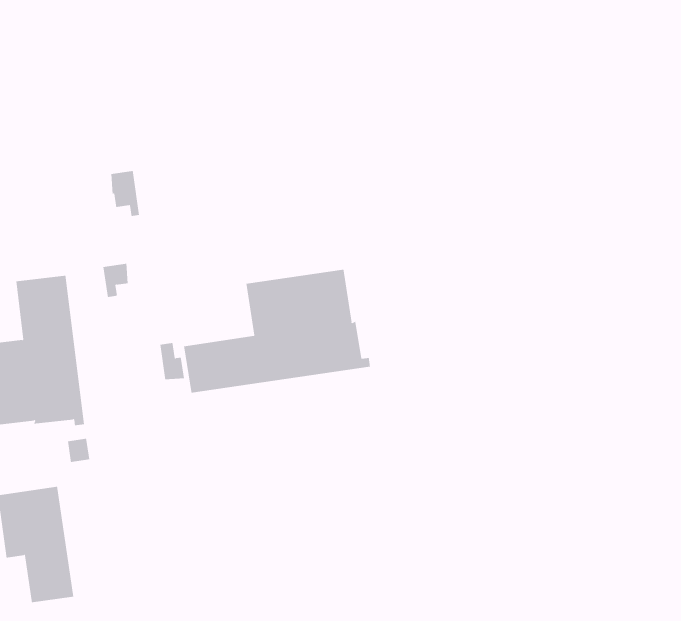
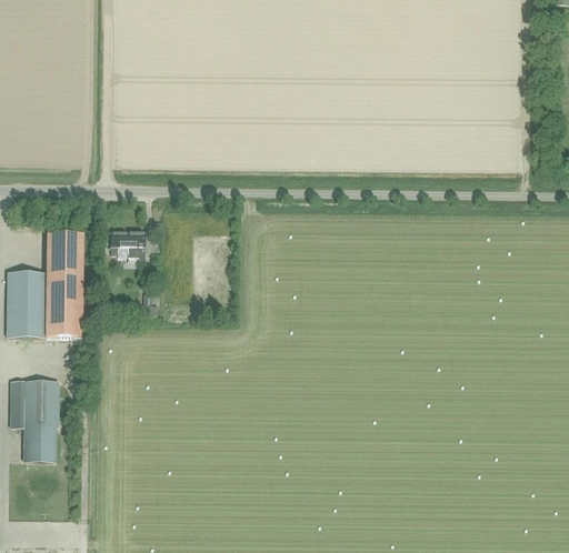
building: [111,171,140,216] -> [127,231,144,263]
building: [184,269,371,393] -> none

